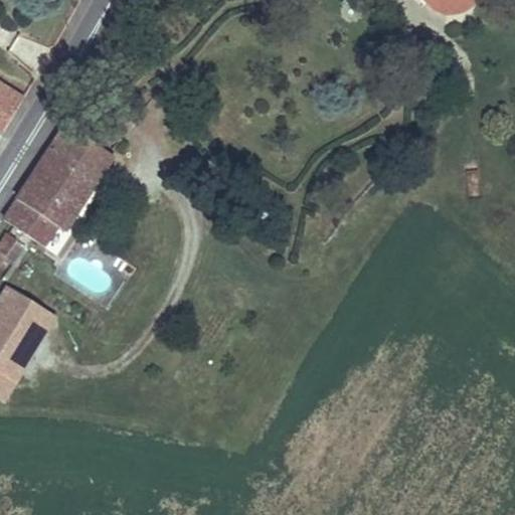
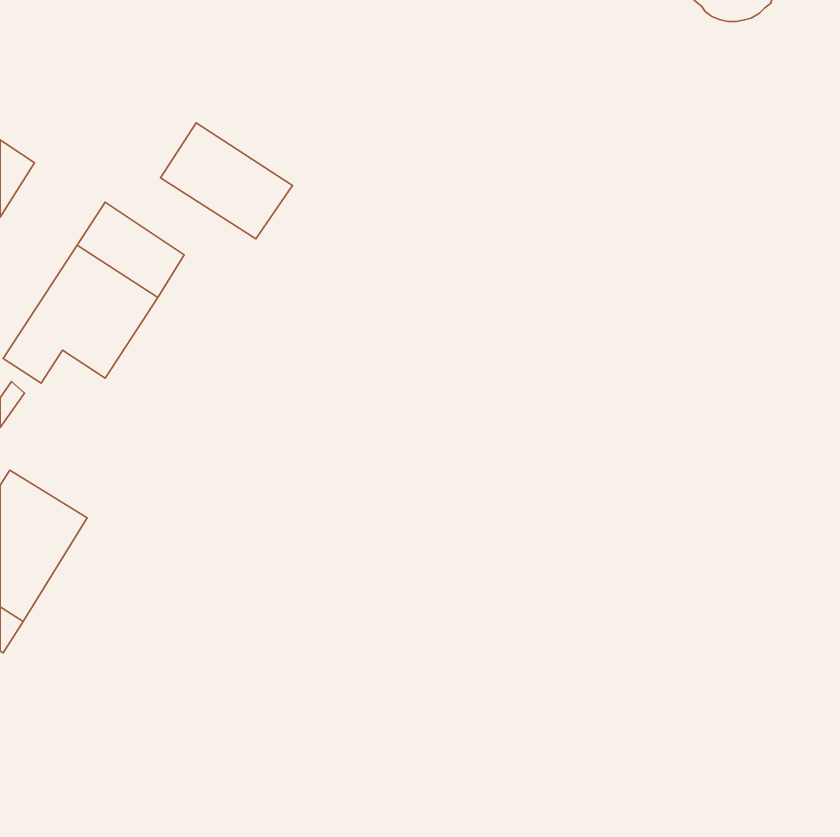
building: none -> [160,123,293,239]

